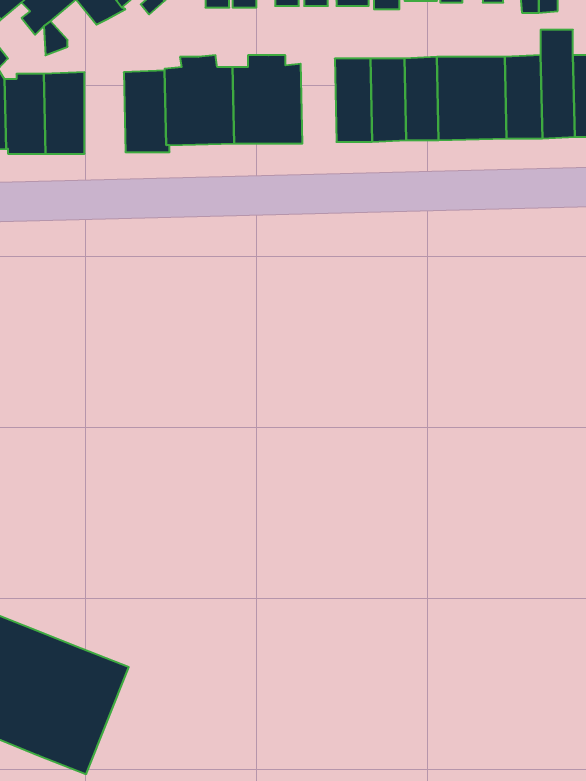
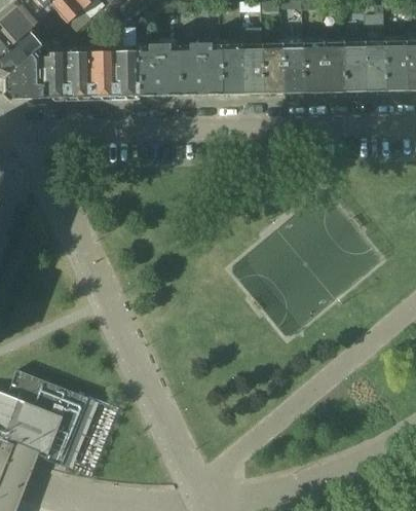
building: none -> [220,43,241,95]
building: none -> [89,51,114,101]

